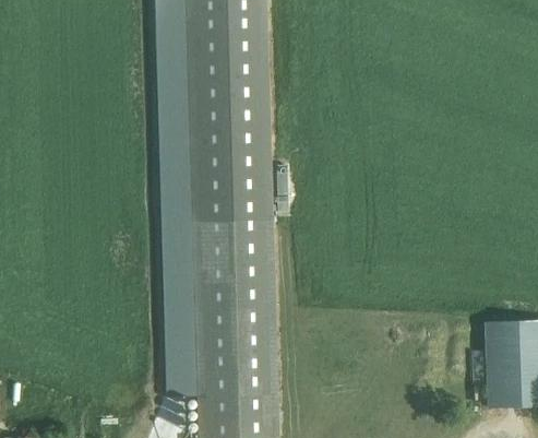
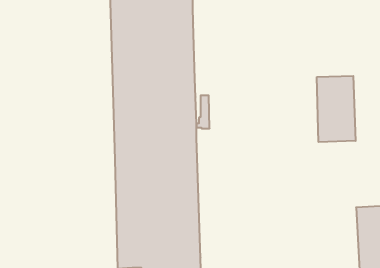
building: none -> [317,76,356,142]

